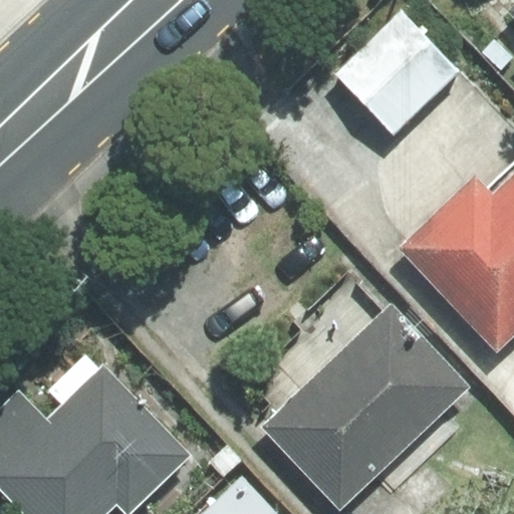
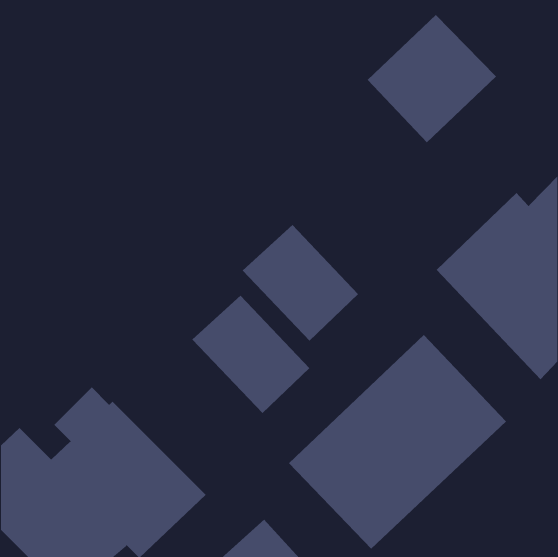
building: none -> [242,224,359,342]
building: none -> [192,295,310,414]

